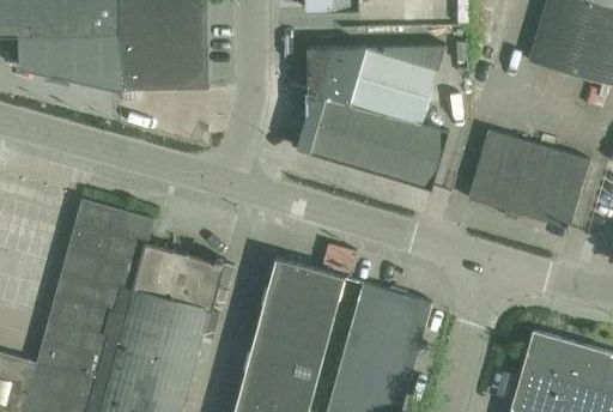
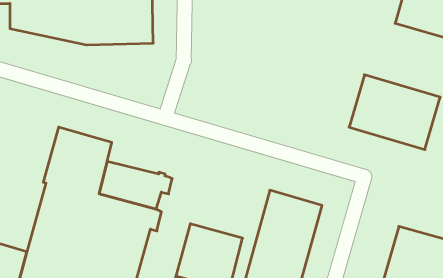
building: [297,46,448,188] -> none
building: [257,257,346,346] -> none

